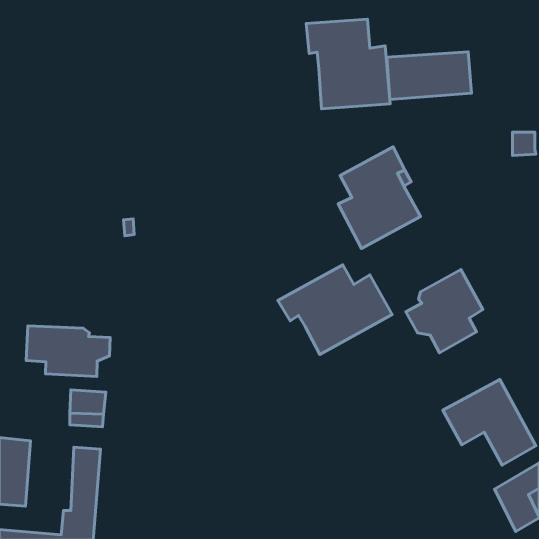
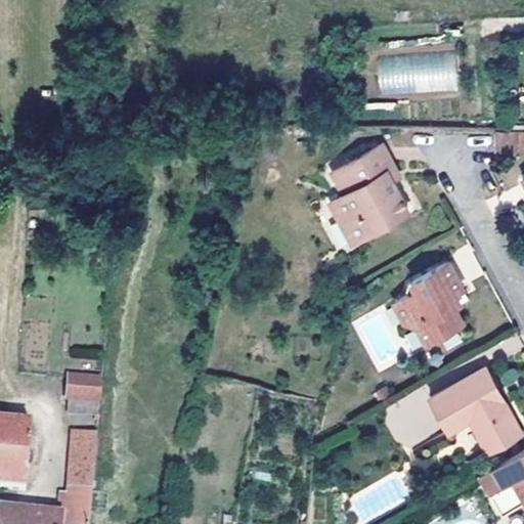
building: [306,19,390,109] -> none
building: [278,265,392,354] -> none
building: [26,326,110,377] -> none

